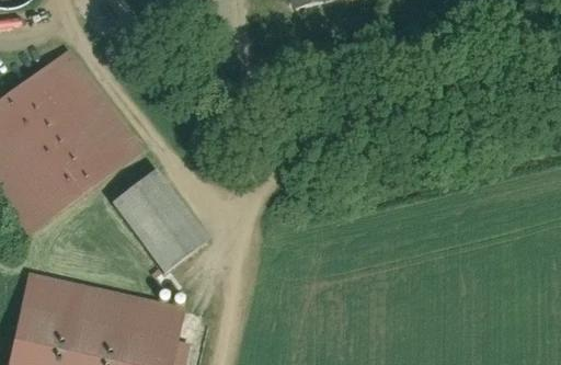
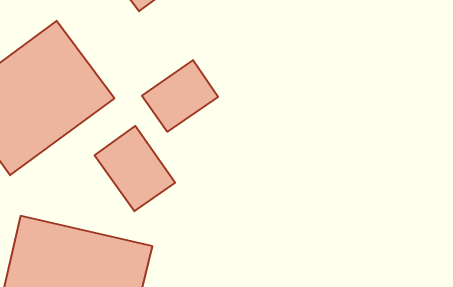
building: none -> [142,60,218,132]

